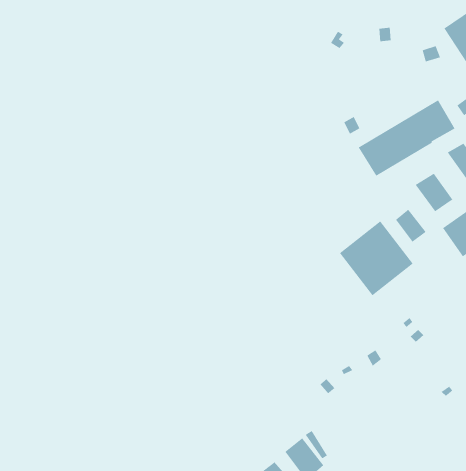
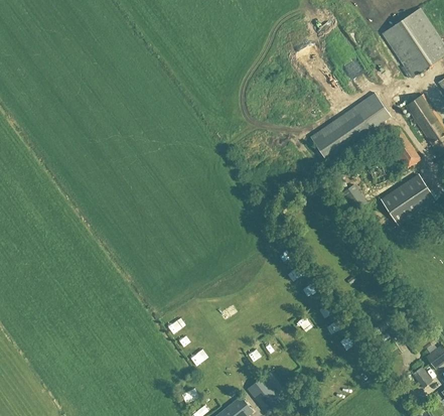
building: [415,173,453,212] -> none
building: [339,220,413,296] -> none

